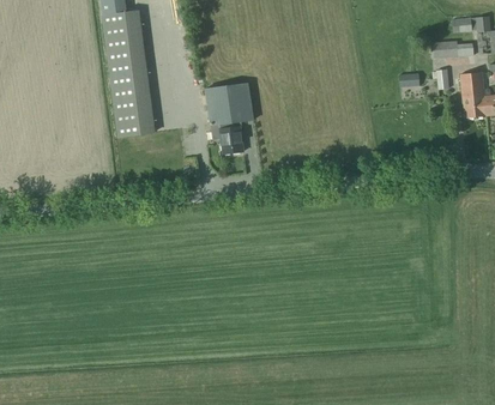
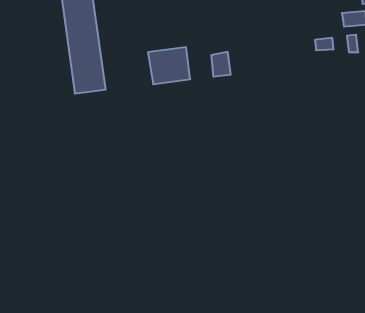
building: [221,125,243,153] -> [211,52,231,77]

